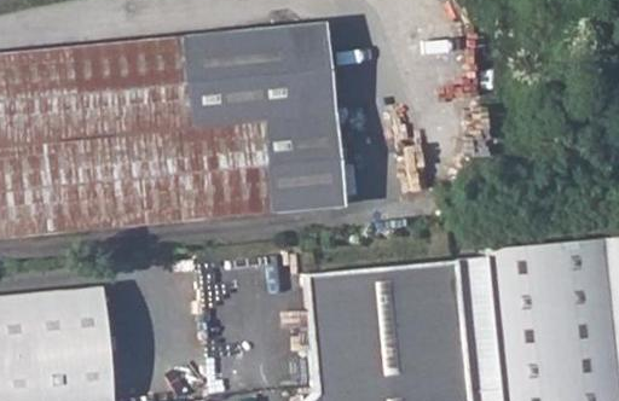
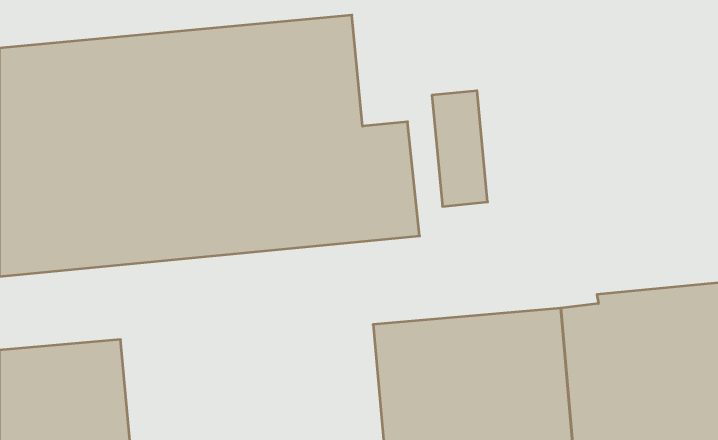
building: [289,22,334,115] -> [432,91,488,206]

